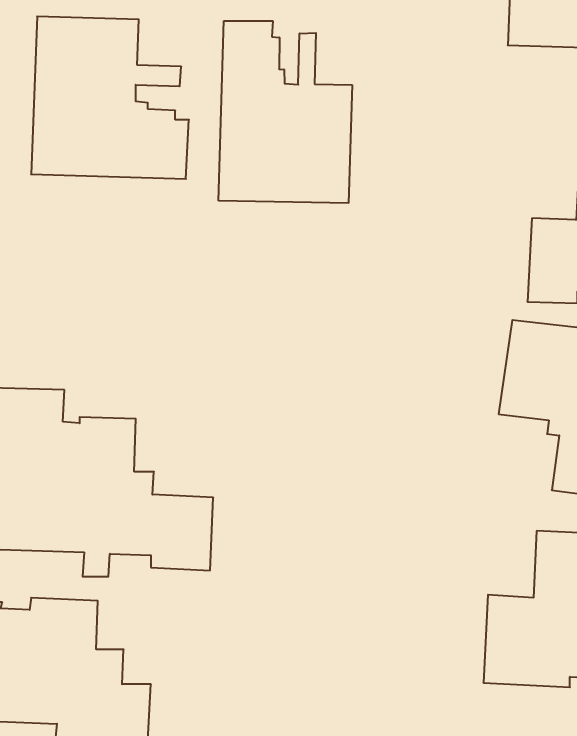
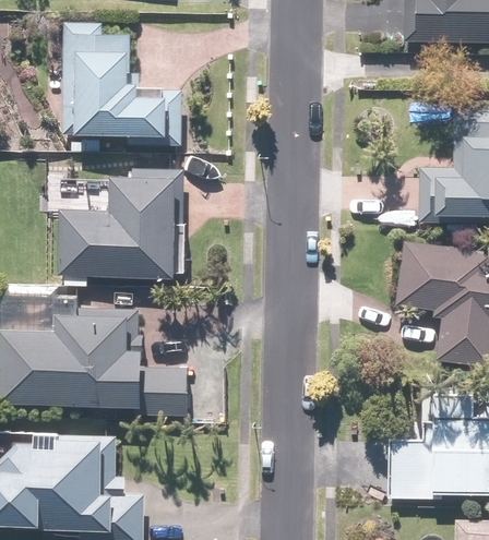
building: [219,21,352,203] -> none
building: none -> [60,170,181,277]

